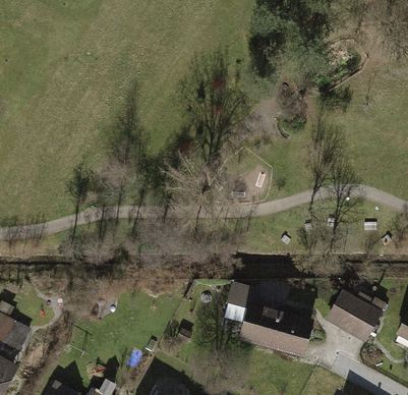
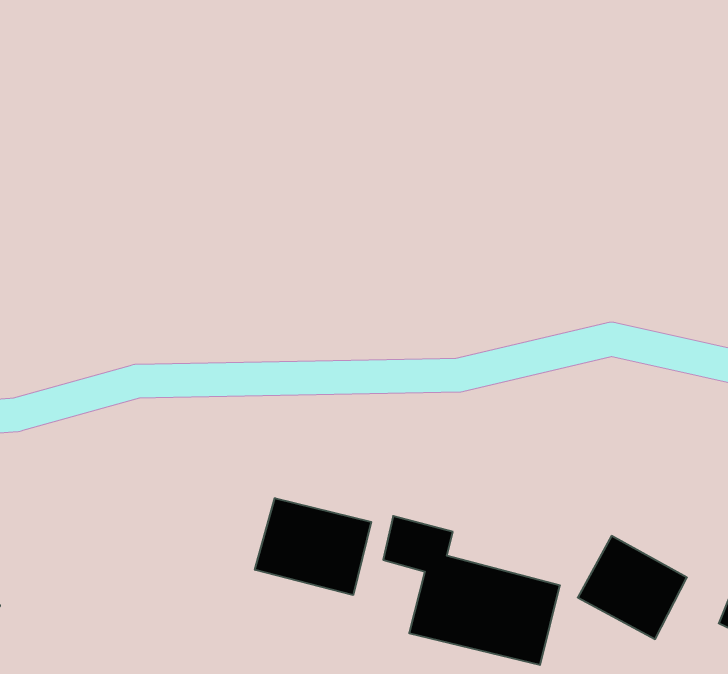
building: none -> [255,498,371,595]

